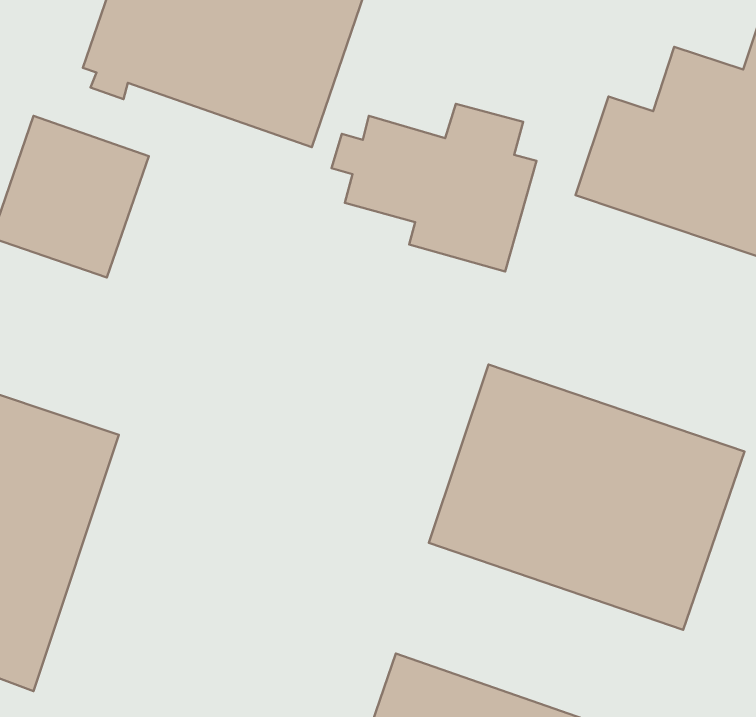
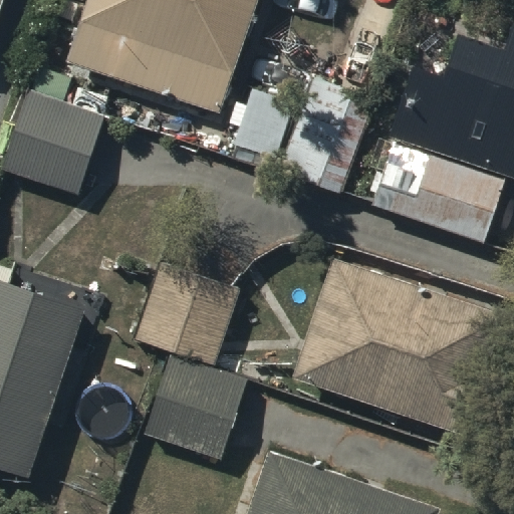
building: none -> [372,157,503,247]
building: none -> [135,263,248,461]

